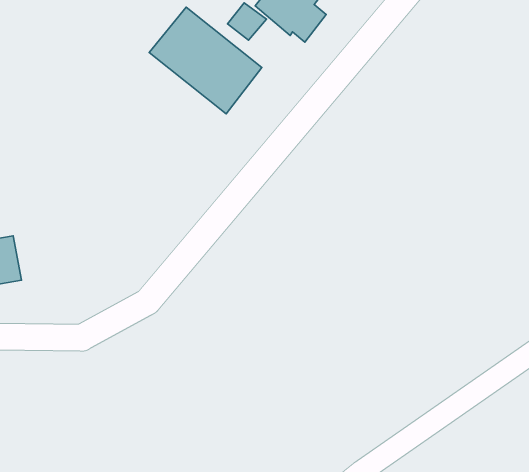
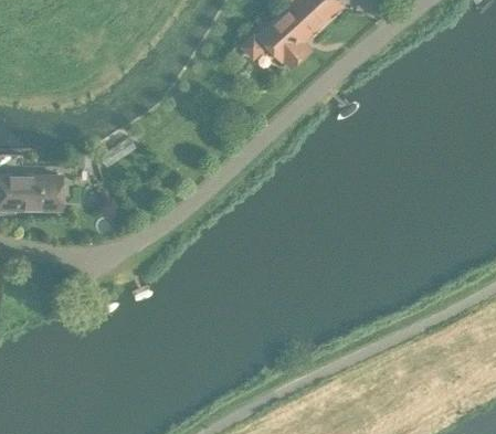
building: [149,7,262,114] -> none

